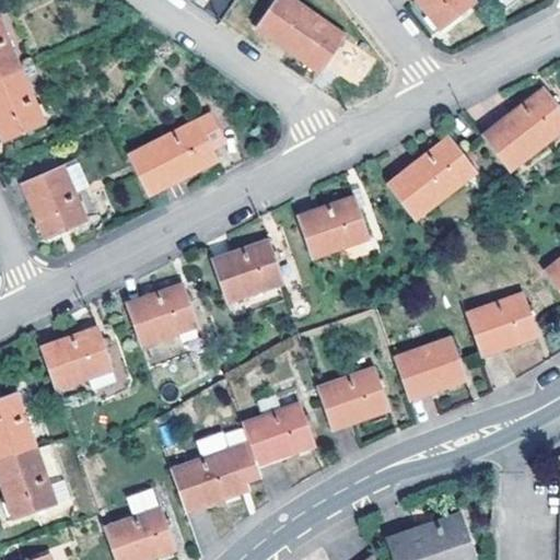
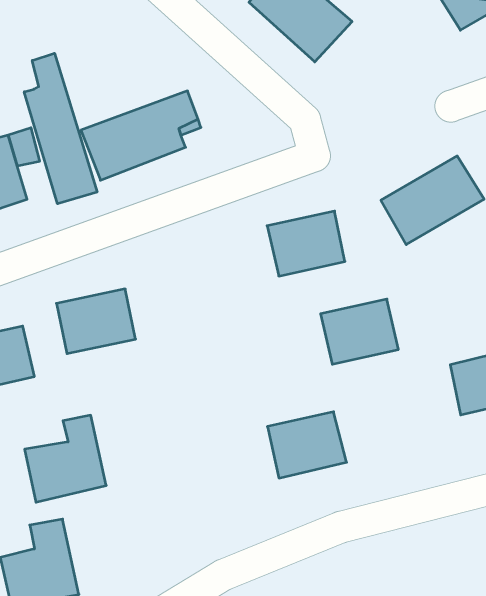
building: none -> [24,53,97,204]
building: [210,238,281,301] -> none
building: [395,337,465,398] -> [321,299,398,364]
building: [242,387,313,465] -> none
building: [170,432,243,512] -> [25,415,106,502]

